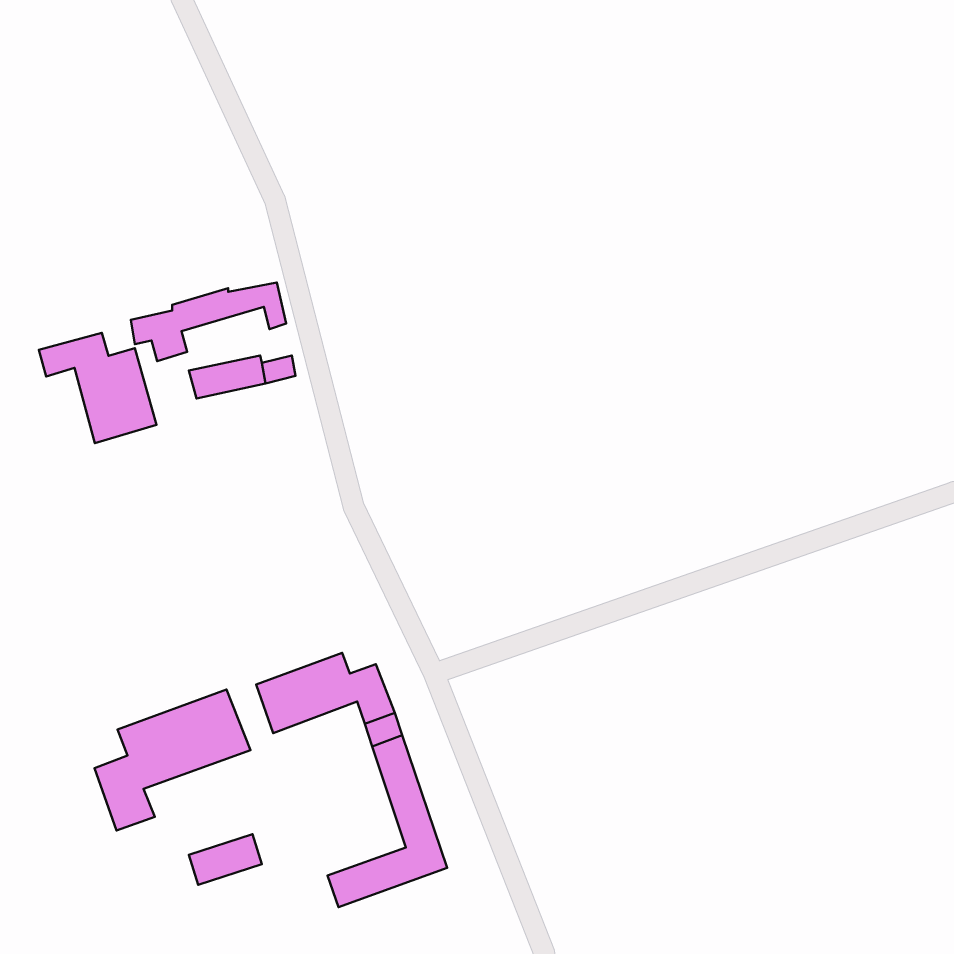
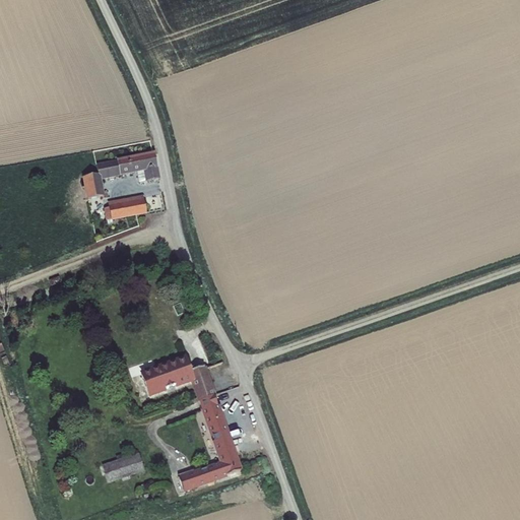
building: [39,333,157,443] -> none
building: [94,689,251,831] -> none

